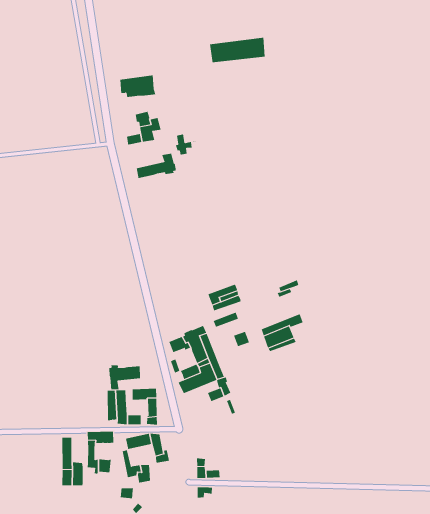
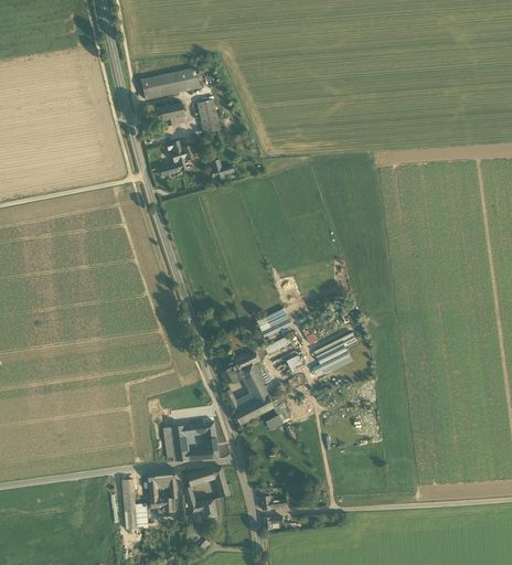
building: [209,37,266,63] -> [139,67,198,98]
building: none -> [195,98,218,132]
building: [136,153,176,179] -> none
building: [109,365,140,390] -> none

